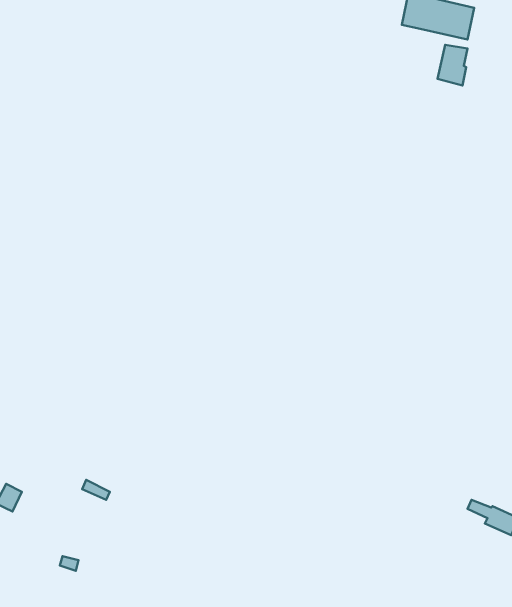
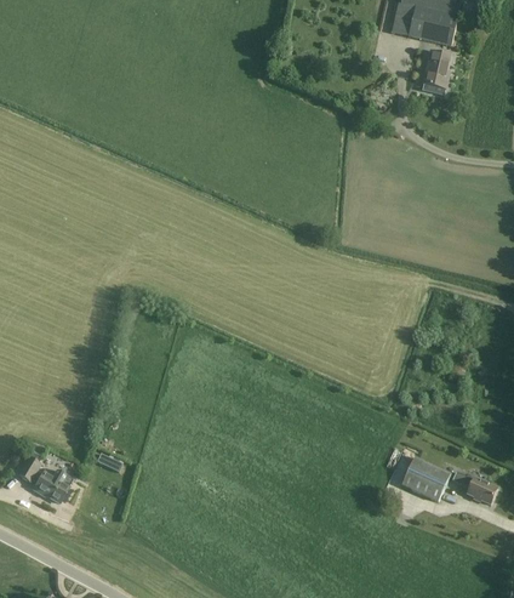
building: none -> [400,456,450,501]
building: none -> [32,468,72,502]

